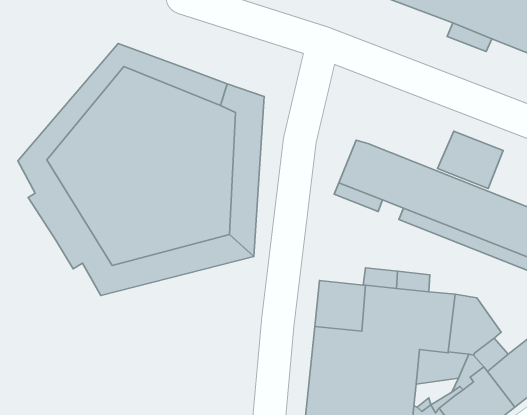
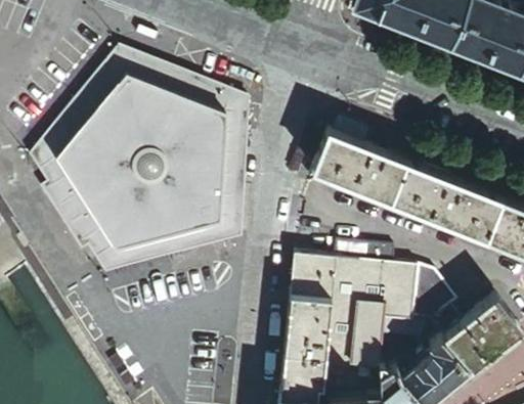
building: [438,131,503,189] -> none

